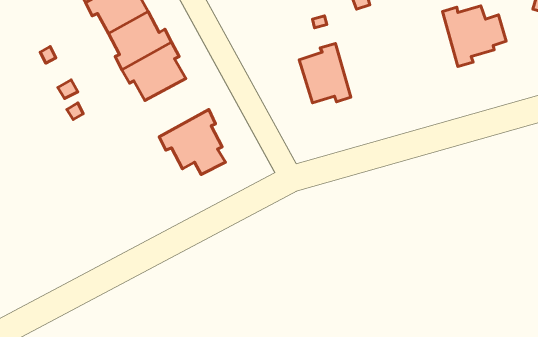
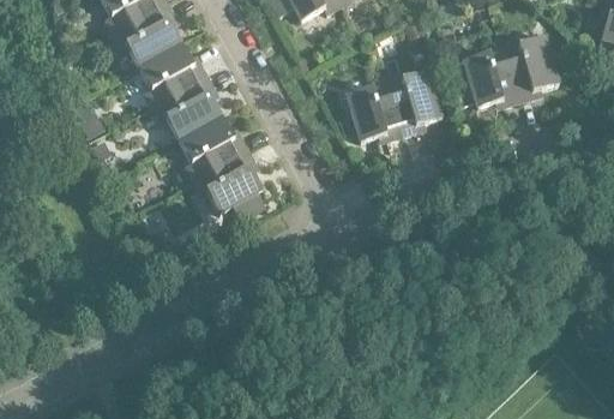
building: none -> [449,41,518,107]
building: none -> [385,70,441,134]
building: none -> [177,114,247,178]

